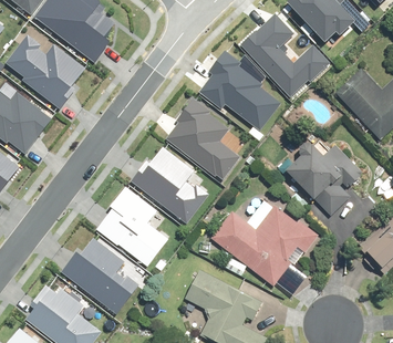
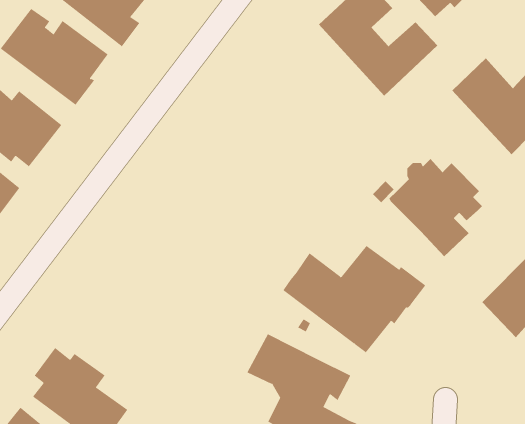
building: [197,49,278,128] -> none
building: [166,97,237,178] -> none
building: [131,144,206,220] -> none
building: [96,186,168,267] -> none
building: [60,237,136,313] -> none

